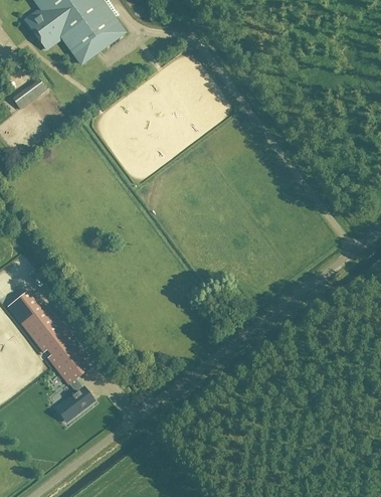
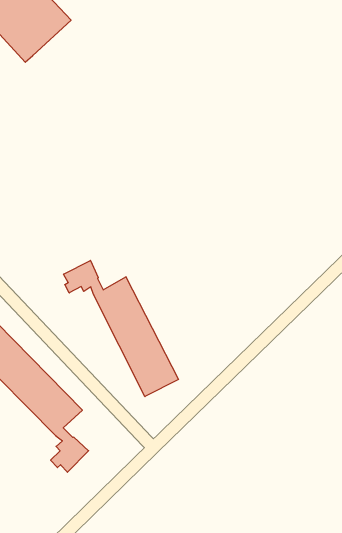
building: none -> [64,260,178,397]

